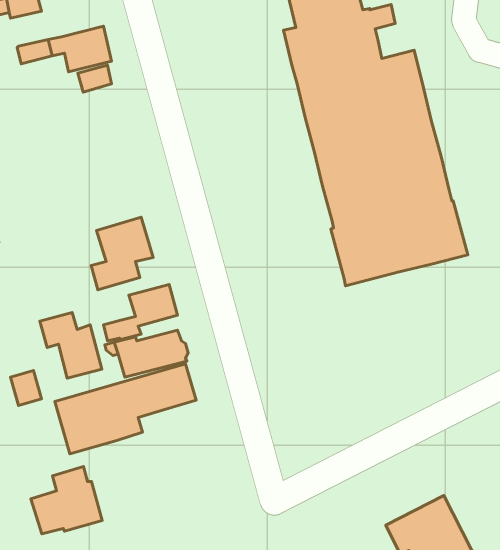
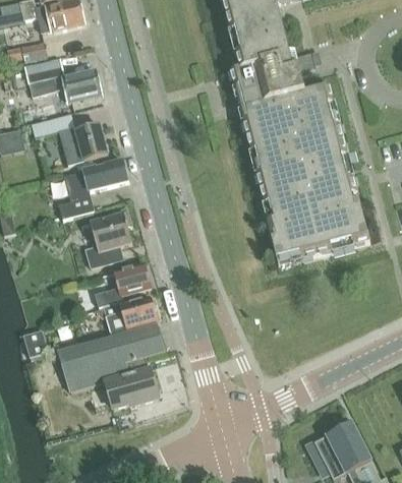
building: none -> [25,57,63,82]
building: none -> [58,124,108,164]
building: none -> [59,160,128,217]
building: [40,312,102,378] -> none
building: [31,467,102,534] -> [105,356,159,407]

